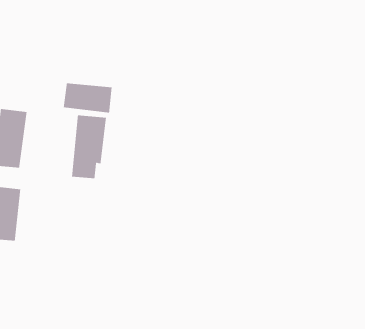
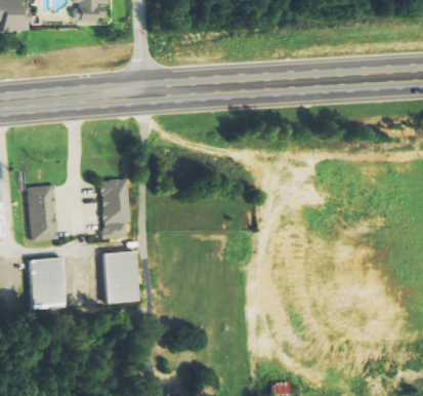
building: [63,82,112,113] -> none
building: none -> [97,250,136,304]

